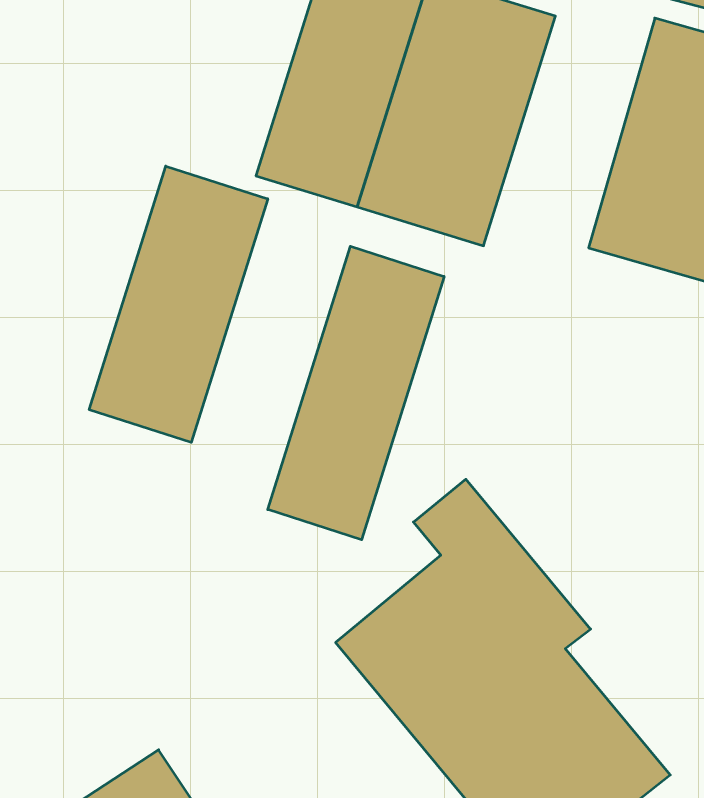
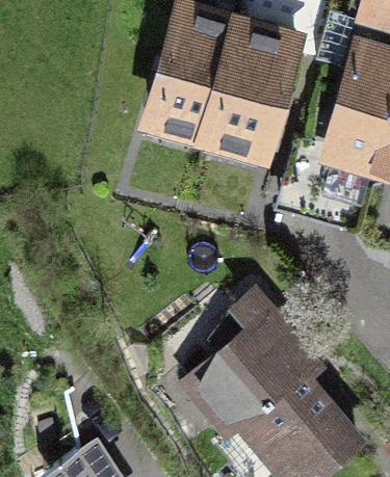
building: [89,166,268,442] -> none
building: [268,246,444,540] -> none

